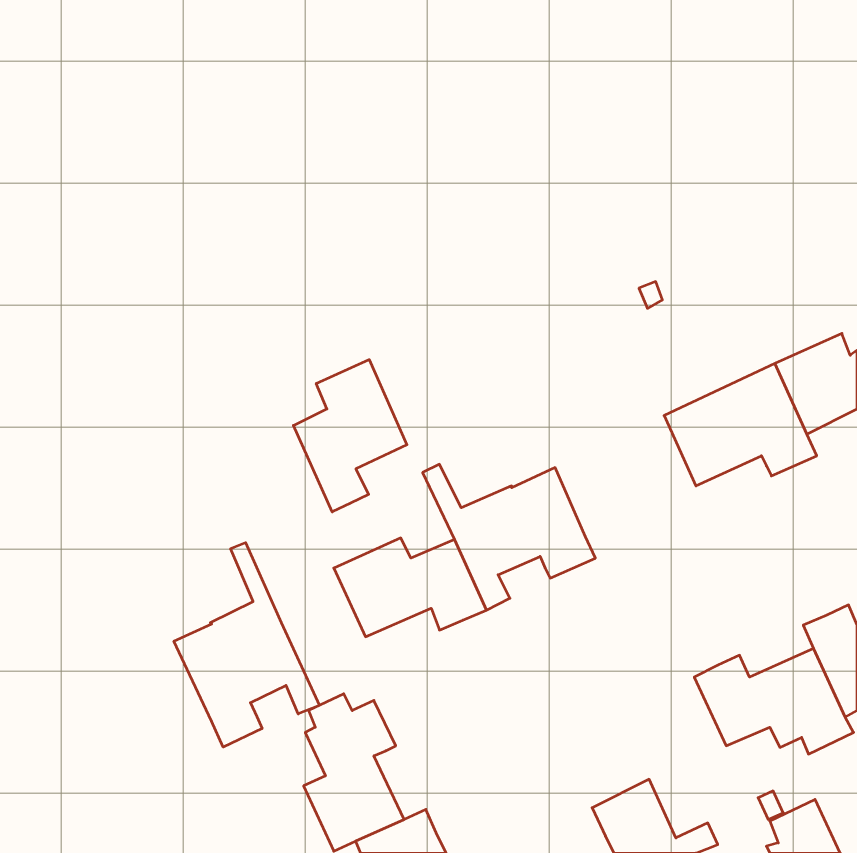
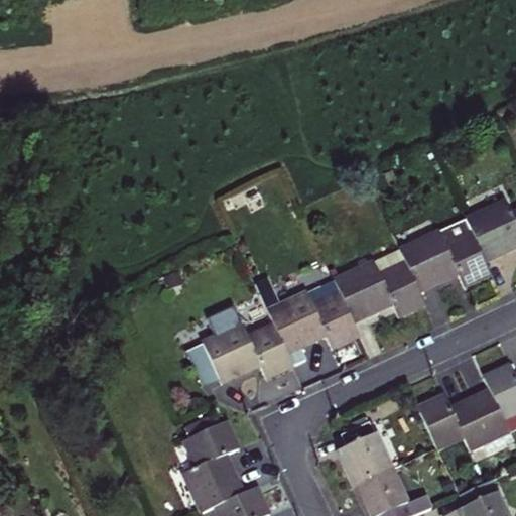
building: [293,360,407,512] -> none
building: none -> [333,250,424,322]
building: [174,543,319,747] -> none
building: none -> [334,422,390,486]

